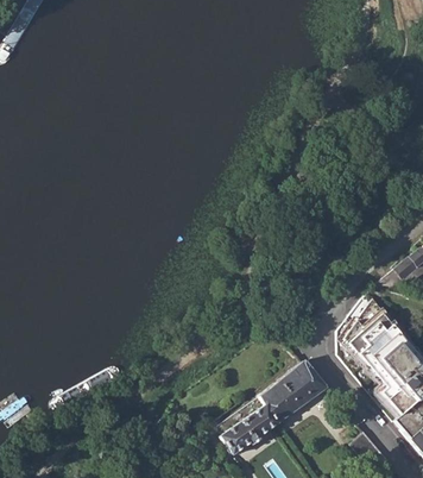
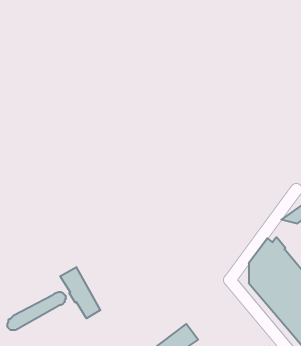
building: none -> [60,267,100,318]
building: [258,360,327,422] -> none

